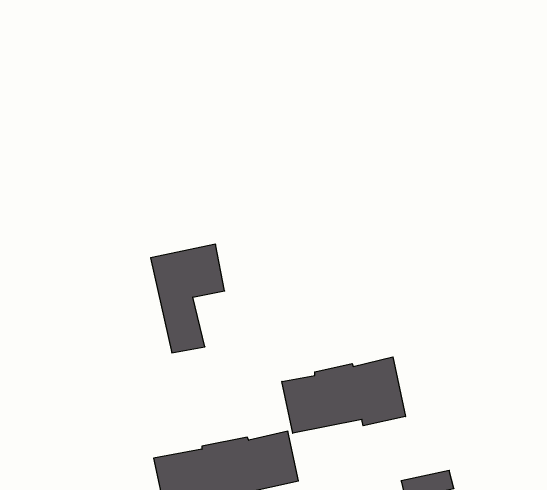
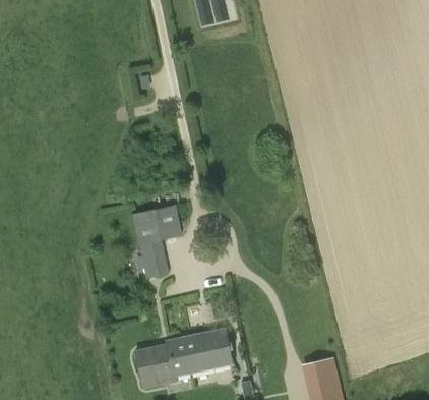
building: [282,357,405,433] -> none

